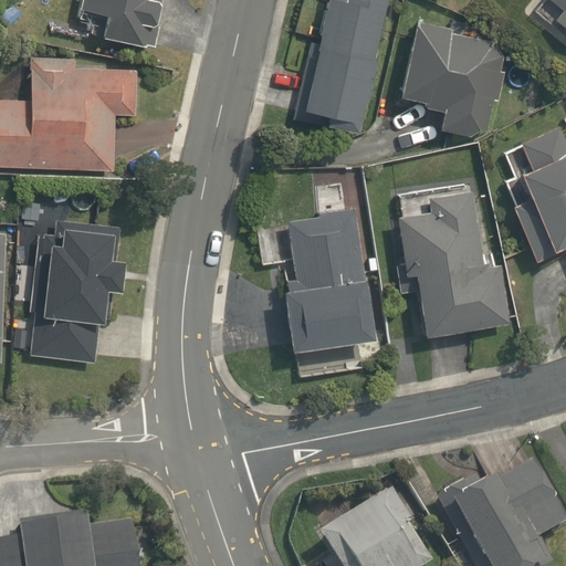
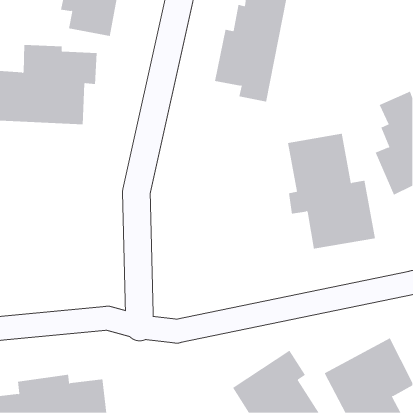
building: [401,21,510,143] -> none
building: [284,218,376,356] -> none
building: [25,220,126,366] -> none

